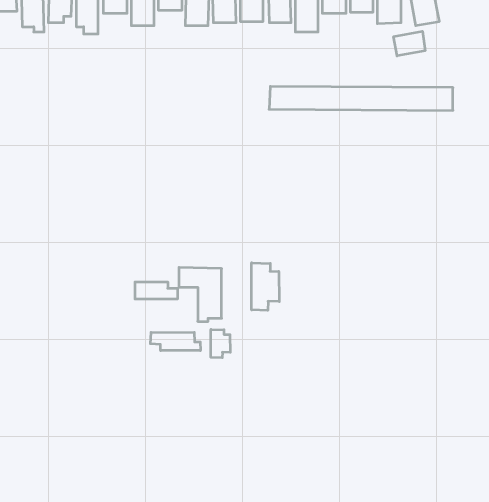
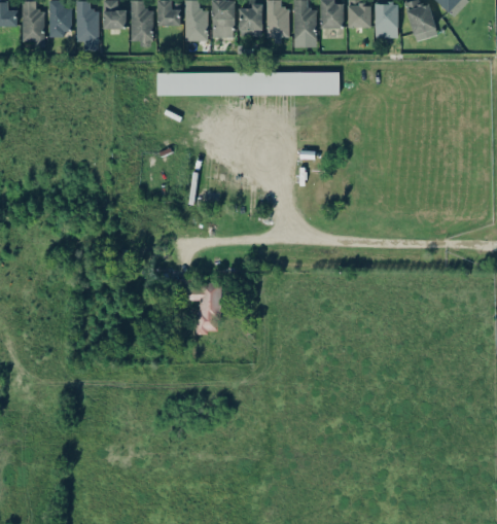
building: [394,31,425,56] -> none
building: [269,86,453,110] -> [156,72,339,96]
building: [252,263,279,310] -> none
building: [135,282,177,299] -> none
building: [211,329,230,358] -> none
building: [150,332,200,351] -> none

